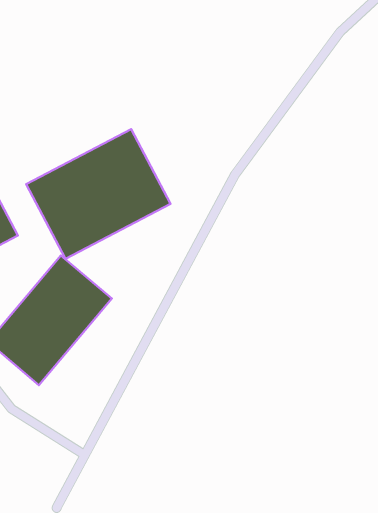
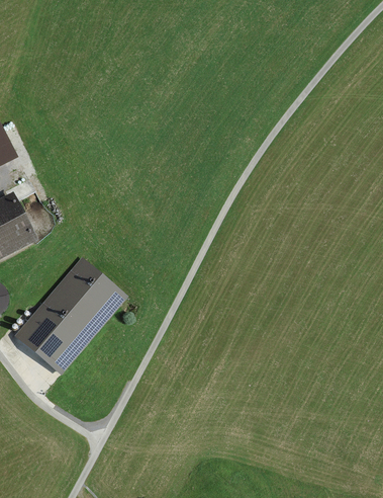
building: [26,129,170,259] -> none

